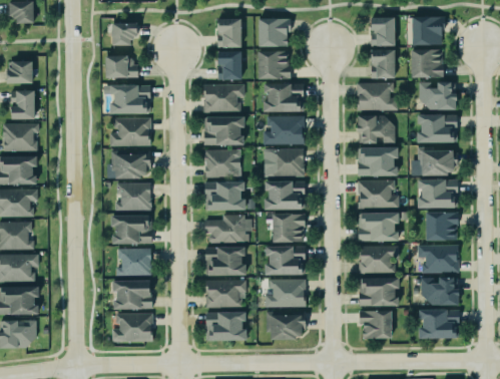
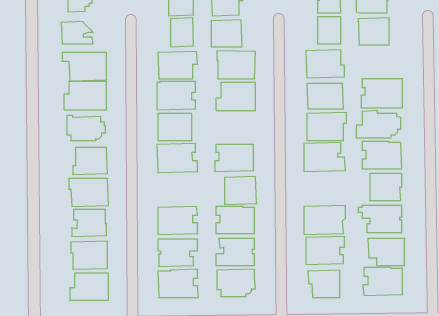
building: [420,82,458,110] -> none
building: [266,149,305,177] -> none
building: [357,211,397,241] -> none
building: [203,214,251,242] -> none

